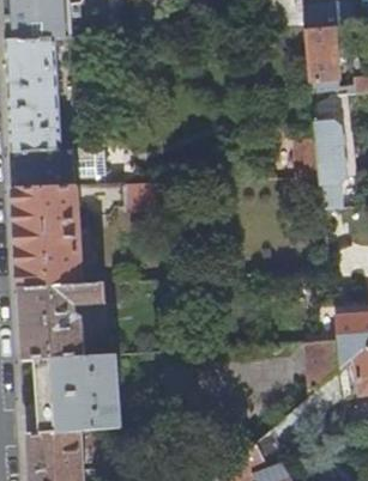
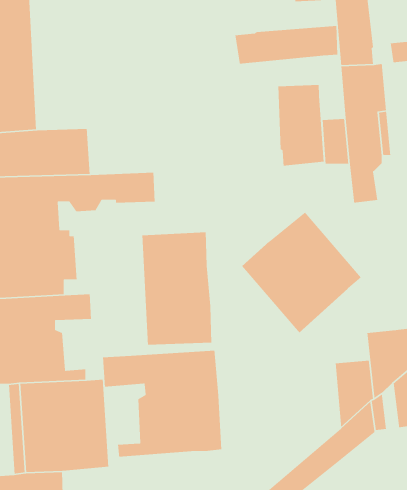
building: none -> [234,25,338,64]
building: none -> [277,84,325,167]
building: none -> [241,212,362,333]
building: none -> [141,231,212,346]
building: none -> [102,350,222,458]

